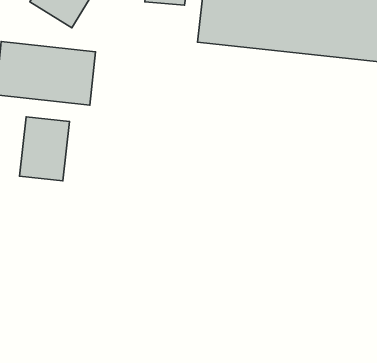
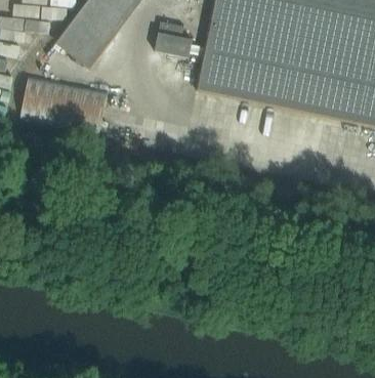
building: [20,117,69,181] -> none

